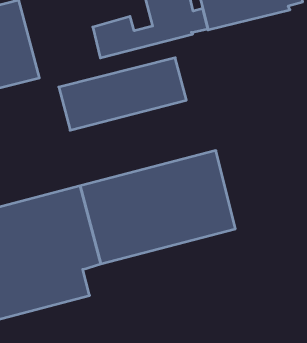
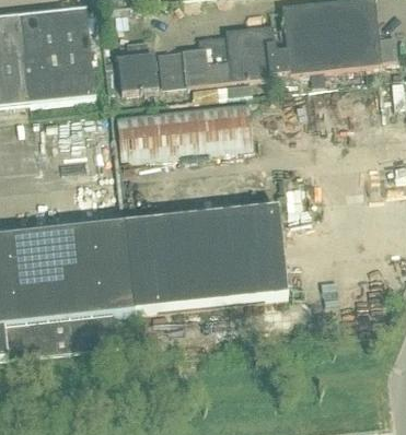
building: none -> [118,37,159,90]

